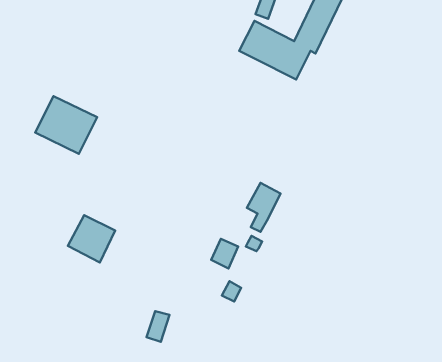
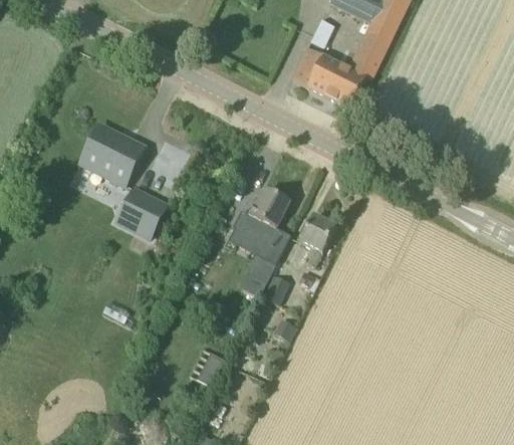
building: none -> [240,190,288,243]
building: none -> [238,245,278,295]
building: [68,215,115,262] -> [116,189,166,238]

